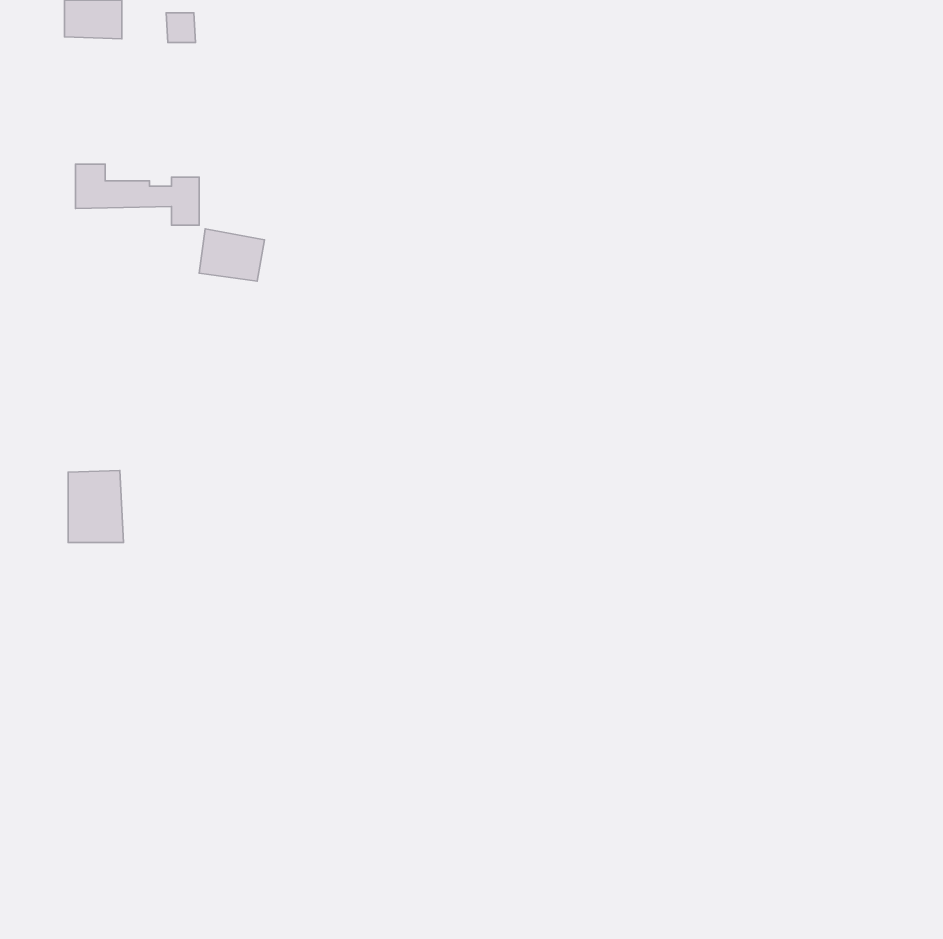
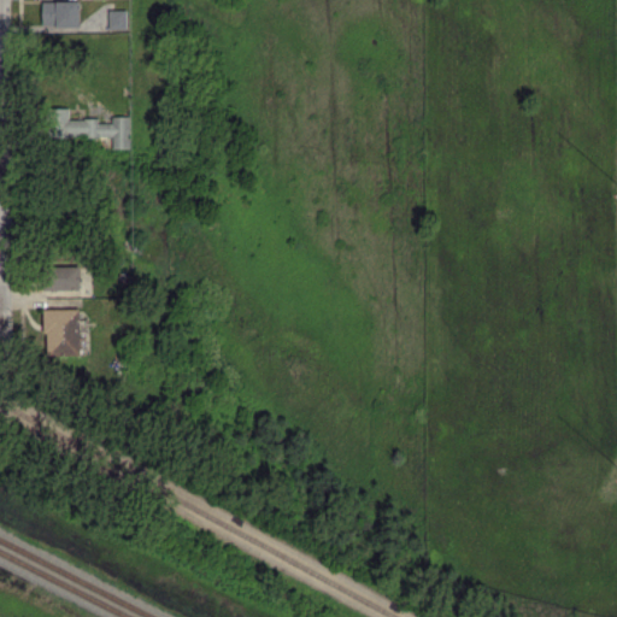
building: [199,229,264,281] -> none
building: none -> [45,266,80,292]

